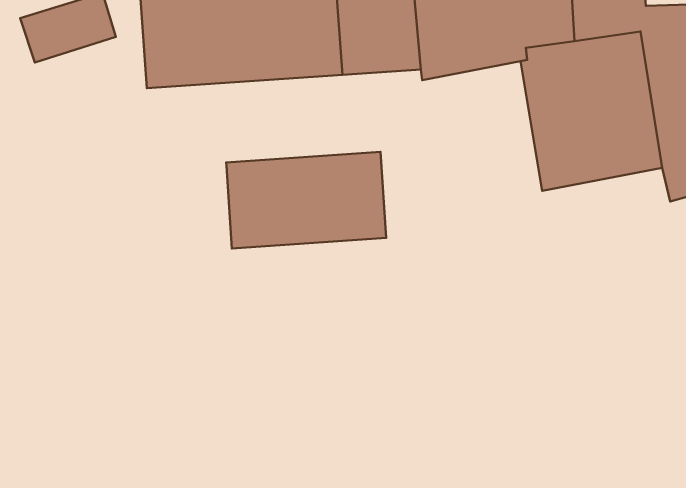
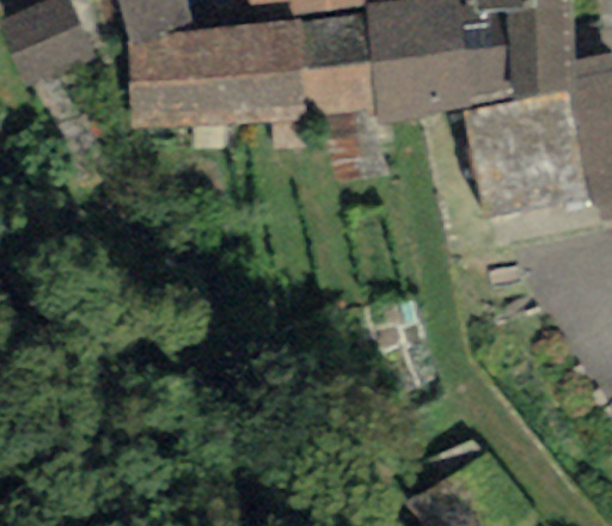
building: [226,152,386,249] -> none

